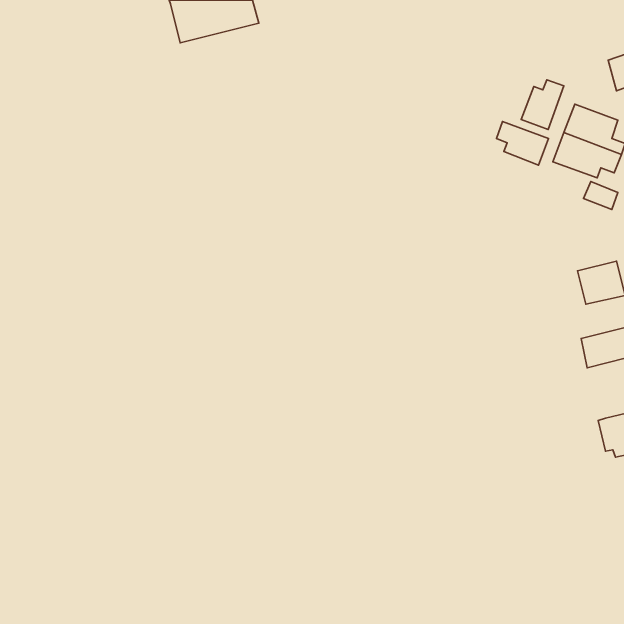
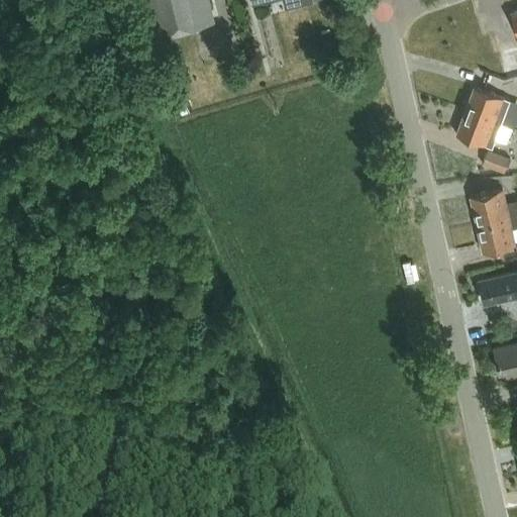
building: [521,80,564,130] -> none
building: [496,122,549,165] -> none
building: none -> [472,190,510,225]

